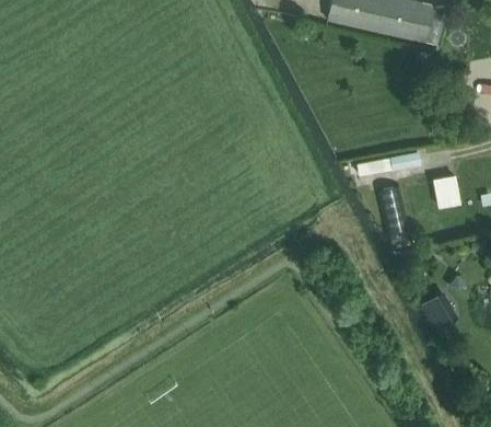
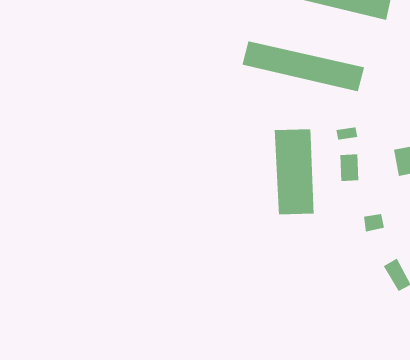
building: none -> [242,40,365,92]
building: none -> [274,129,314,215]

